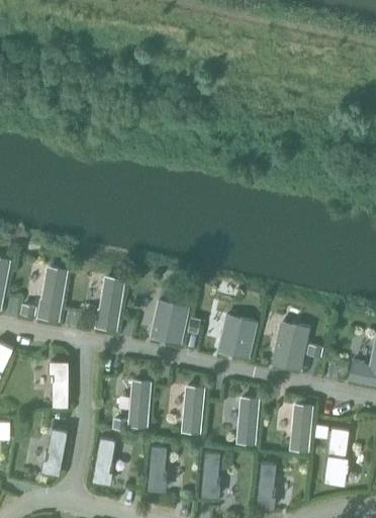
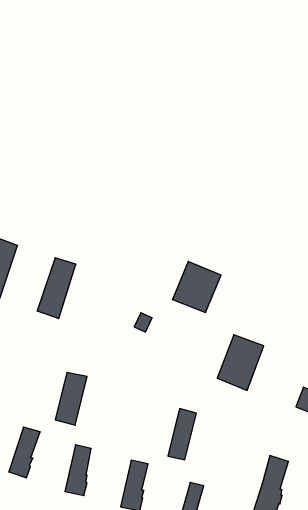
building: [150,300,190,344] -> none
building: [217,314,259,358] -> [172,261,221,312]
building: [182,385,205,433] -> none
building: [292,405,312,449] -> none

